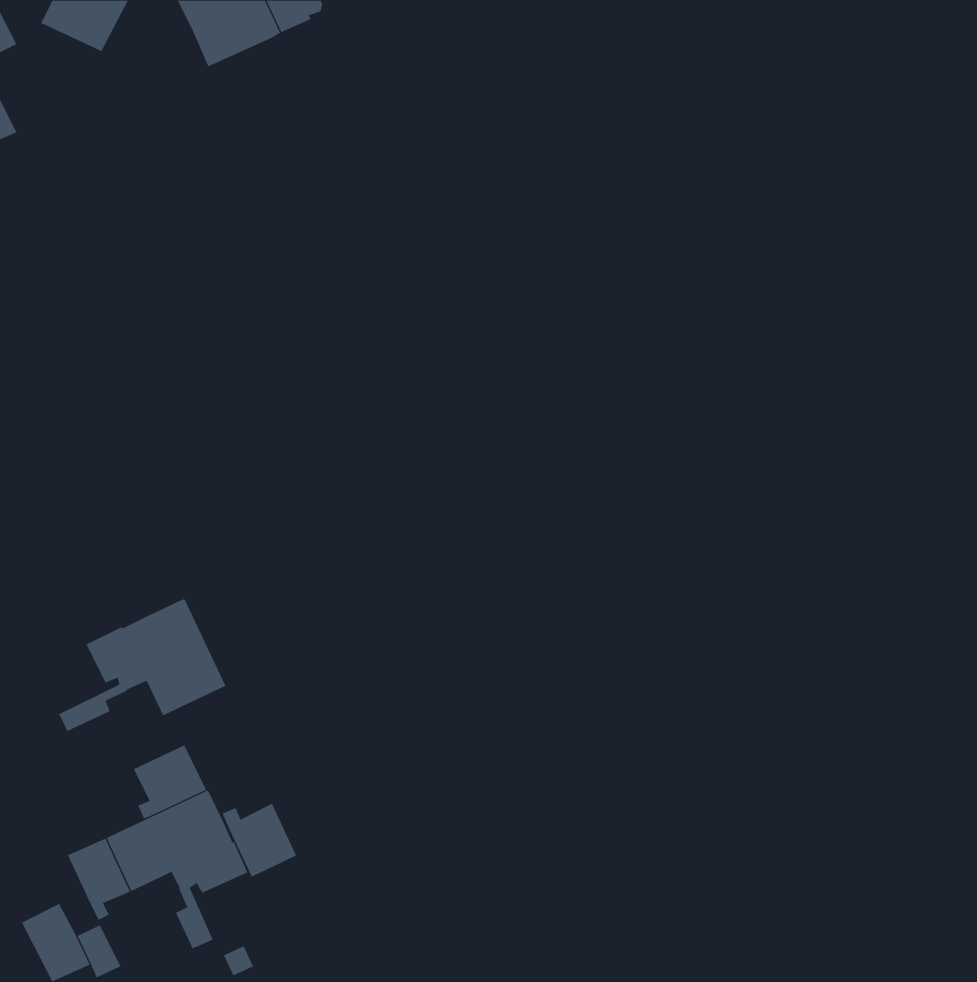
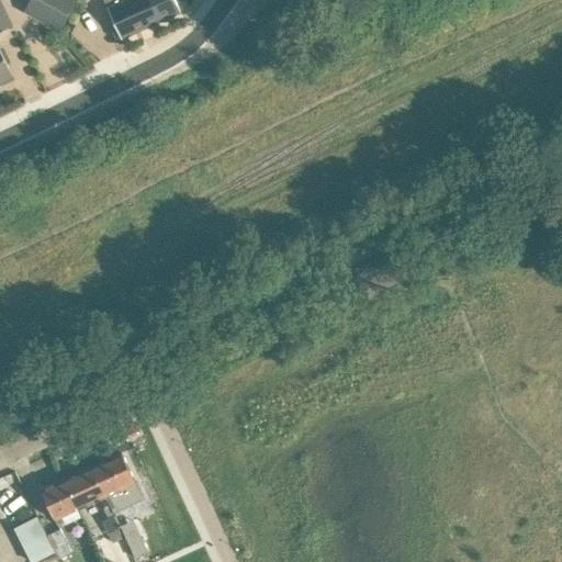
building: [58,599,226,732] -> none
building: [133,745,207,819] -> none
building: [222,803,297,878] -> none

